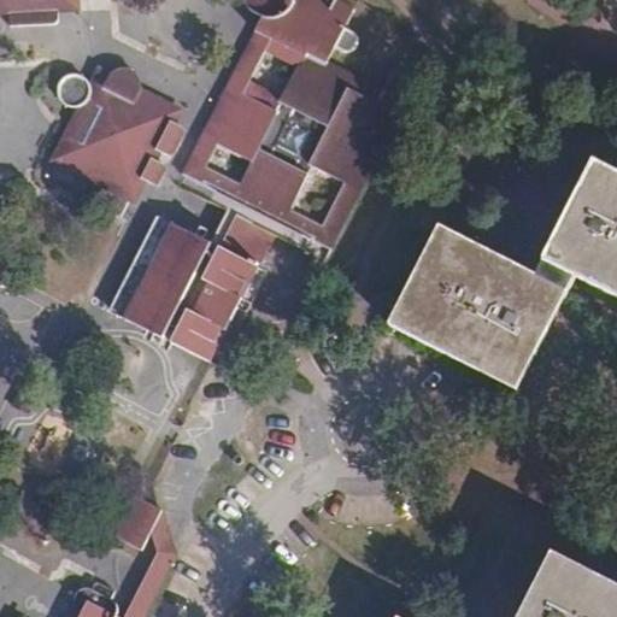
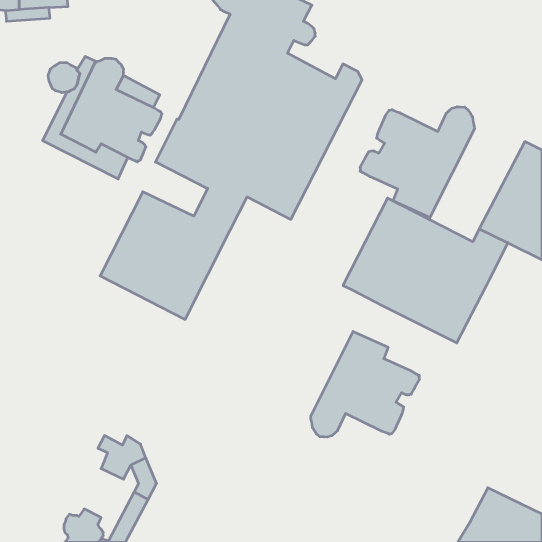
building: none -> [360,107,474,218]
building: none -> [311,331,419,437]

